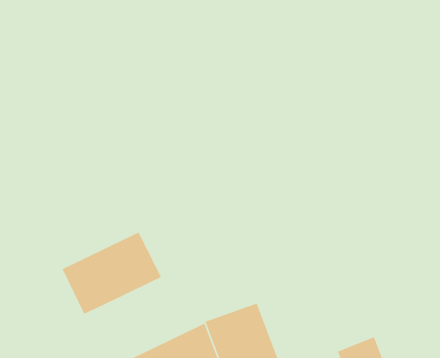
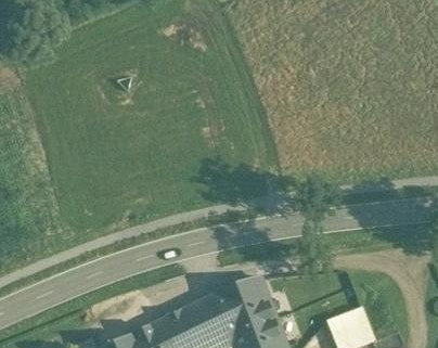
building: [61,232,162,315] -> none

